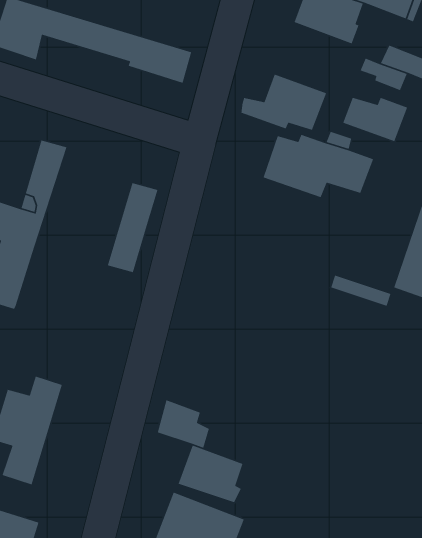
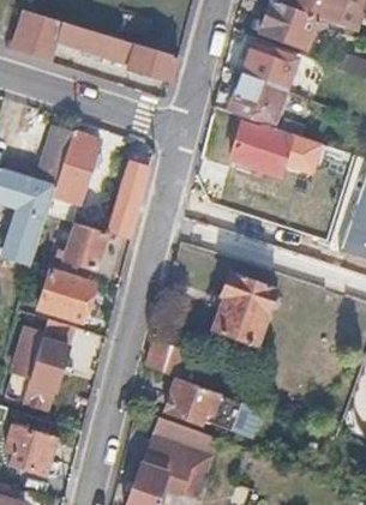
building: [342,97,408,142] -> [244,52,298,89]
building: none -> [48,133,100,221]
building: none -> [56,223,107,269]
building: none -> [36,271,91,321]
building: none -> [215,272,275,343]

